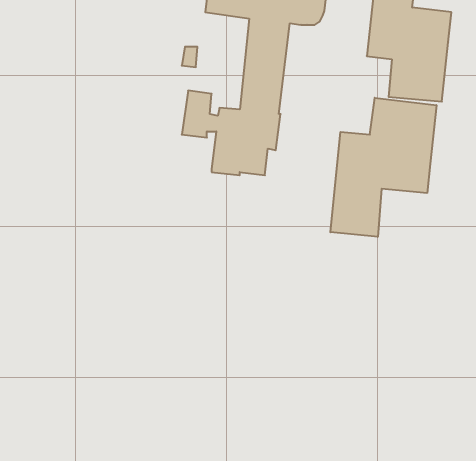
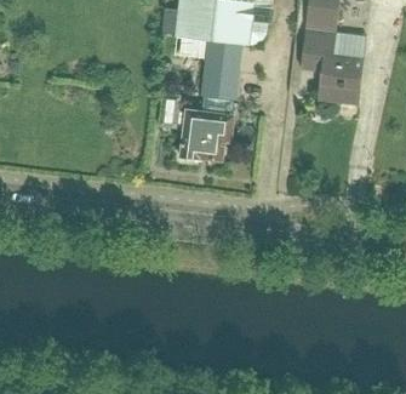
building: [330,98,436,237] -> none

